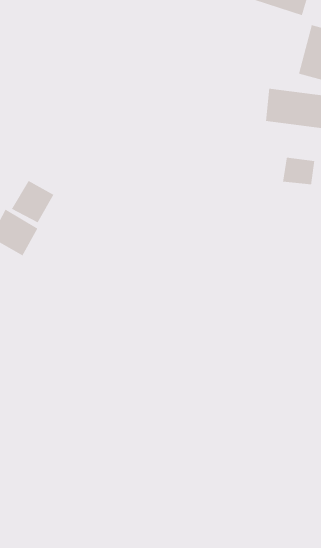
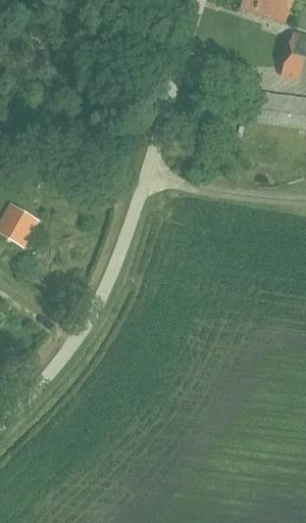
building: [283,157,315,185] -> none
building: [11,180,54,223] -> none

